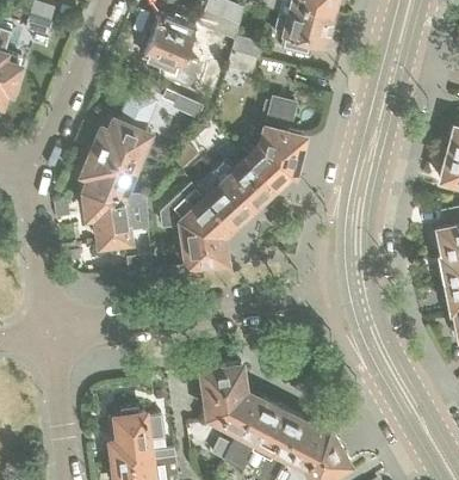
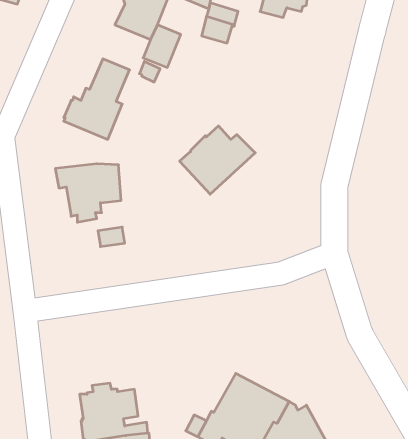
building: [244,96,304,181] -> none
building: [82,150,136,197] -> none
building: [160,181,236,265] -> none
building: [203,364,261,436] -> none

